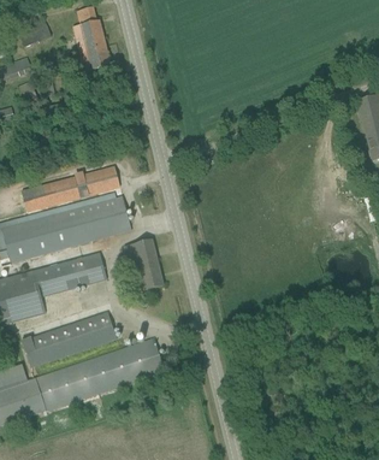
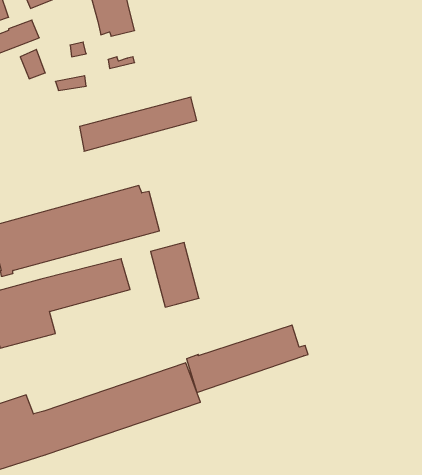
building: [23,166,119,211] -> [80,97,197,151]
building: [22,312,122,367] -> [187,325,308,392]

